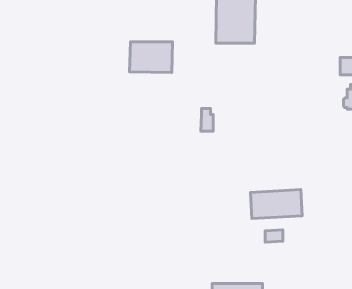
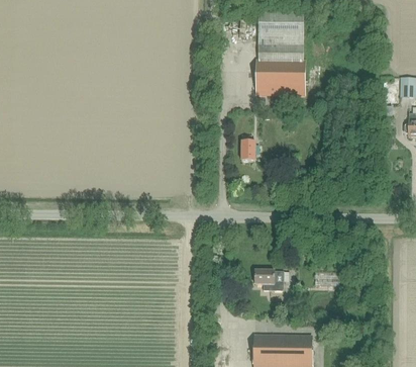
building: [129,42,173,73] -> [255,60,305,95]
building: [251,189,302,218] -> none
building: none -> [254,271,283,288]

